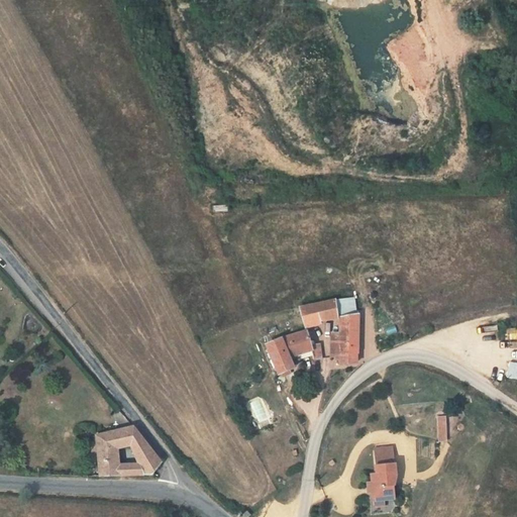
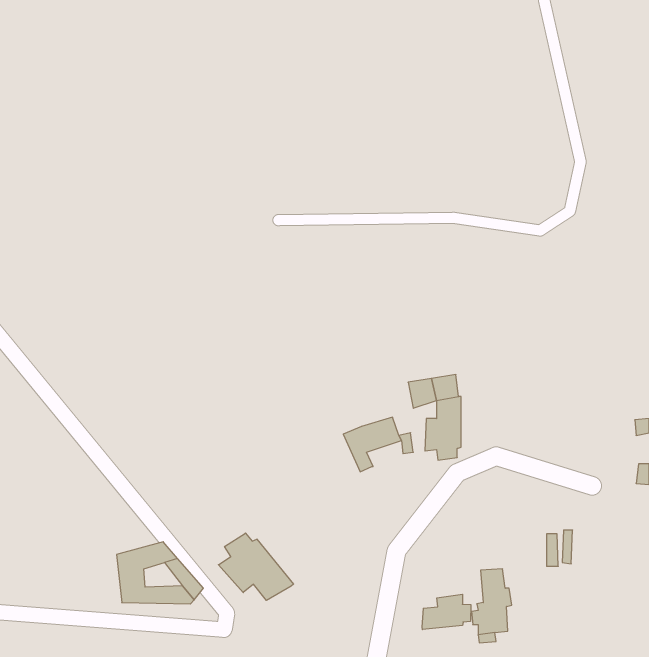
building: [299,302,322,327] -> none
building: none -> [218,533,294,600]
building: none -> [422,594,471,630]

